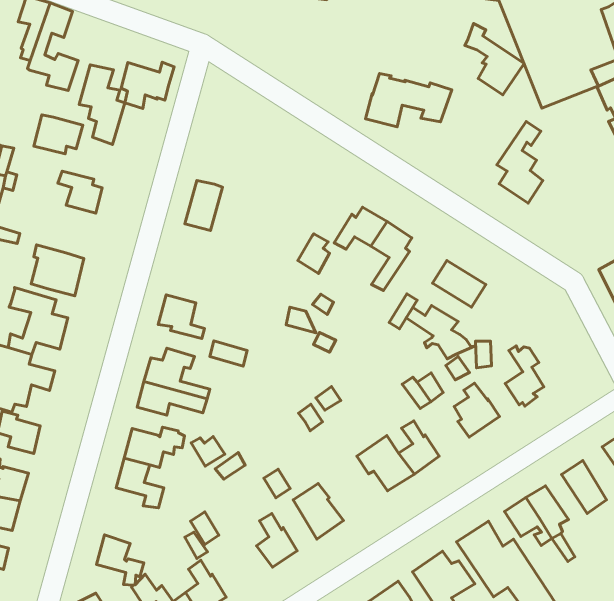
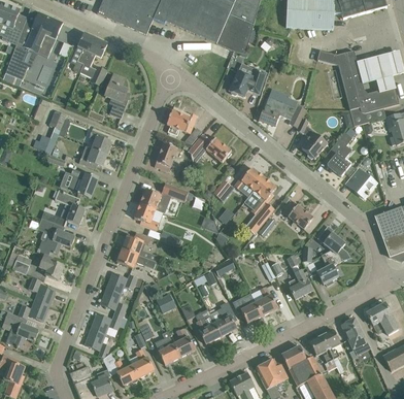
building: none -> [230,67,266,96]
building: [465,24,524,95] -> [297,118,328,158]
building: [121,62,174,109] -> [167,109,197,135]
building: [34,115,83,154] -> [79,145,107,168]
building: none -> [188,133,231,164]
building: none -> [347,167,376,197]
building: none -> [140,181,189,212]
building: [406,305,475,359] -> [317,232,352,262]
building: none -> [210,306,236,335]
building: none -> [92,313,127,334]
building: none -> [155,330,180,364]

